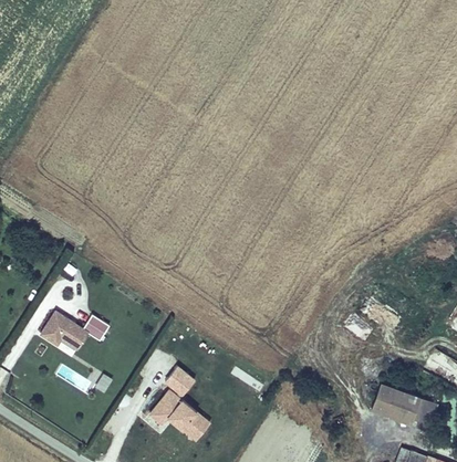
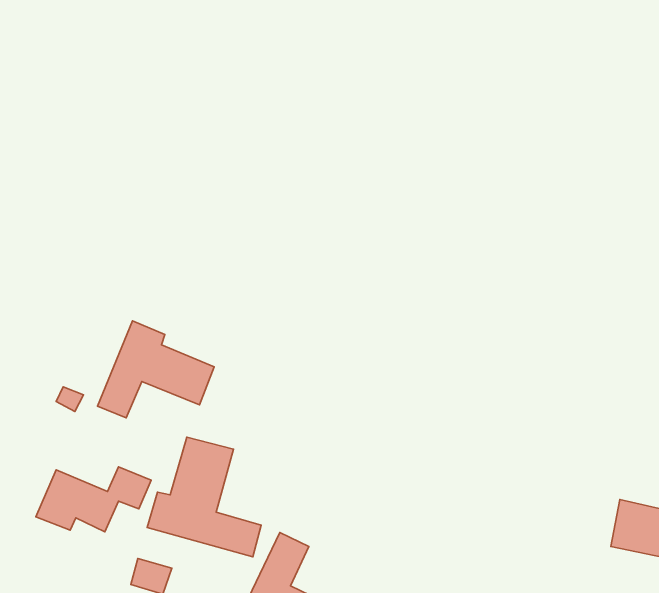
building: none -> [98,321,214,418]
building: none -> [147,437,261,557]

